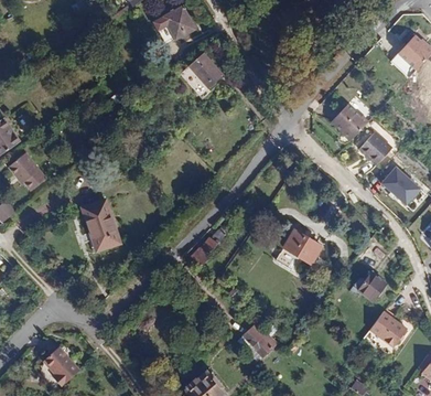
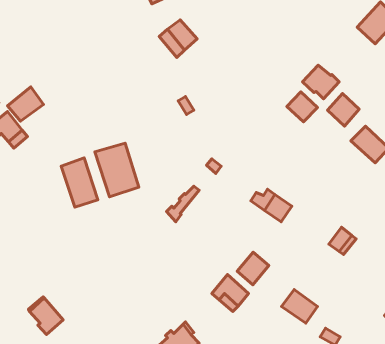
building: none -> [7,87,44,121]
building: none -> [287,92,317,122]
building: none -> [95,143,139,197]
building: none -> [237,252,269,285]
building: [368,311,406,346] -> [282,290,317,323]

